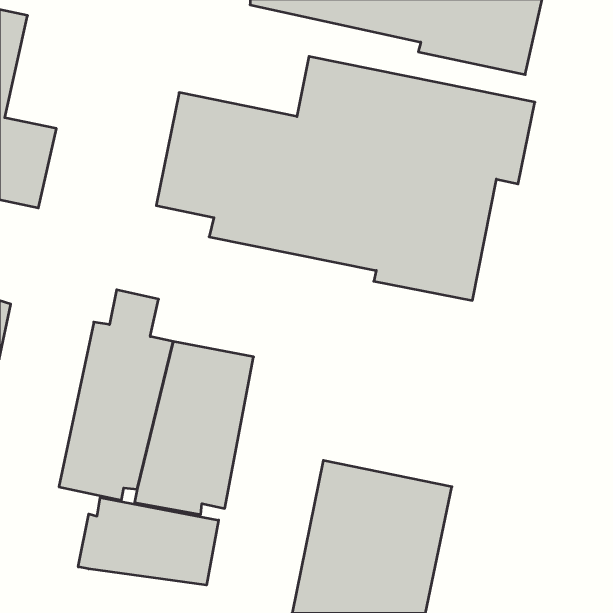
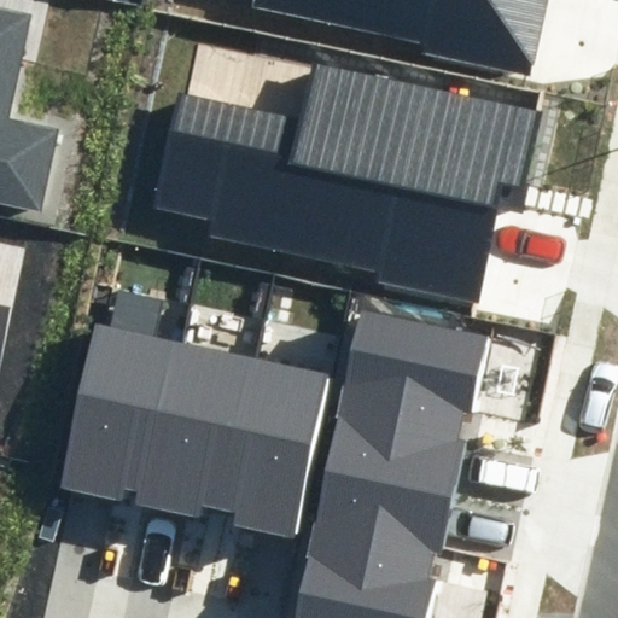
building: none -> [325,309,489,489]
building: none -> [226,358,330,537]
building: [78,498,219,585] -> none

